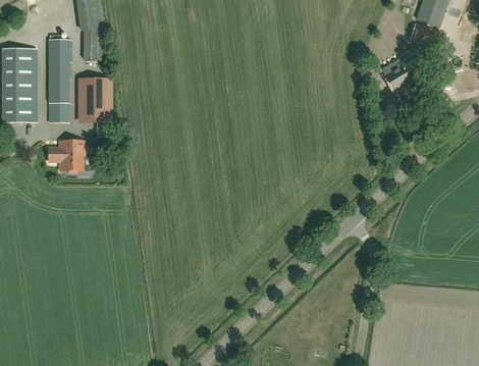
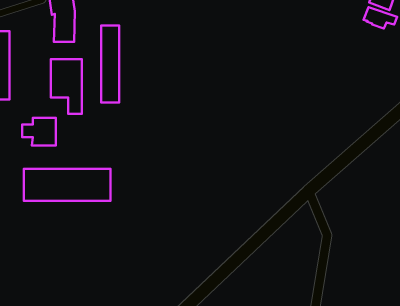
building: [49,39,68,120] -> [101,26,119,103]
building: [384,56,417,90] -> none
building: none -> [24,169,111,201]

